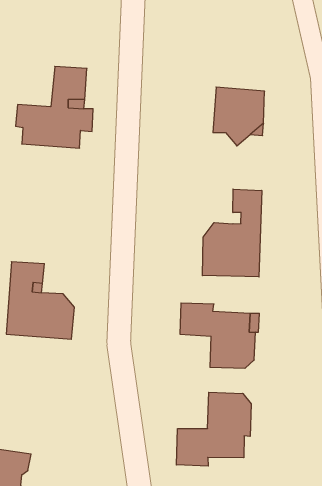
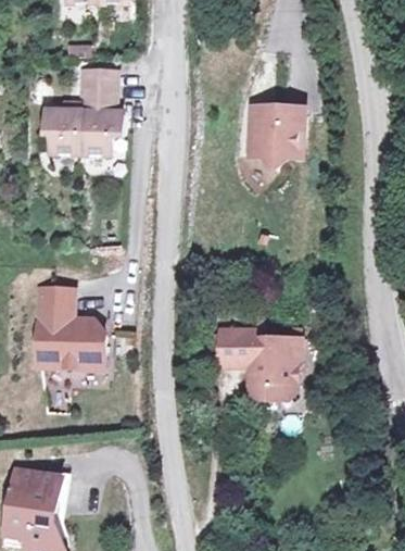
building: [202,189,262,277] -> none
building: [176,392,251,466] -> none

